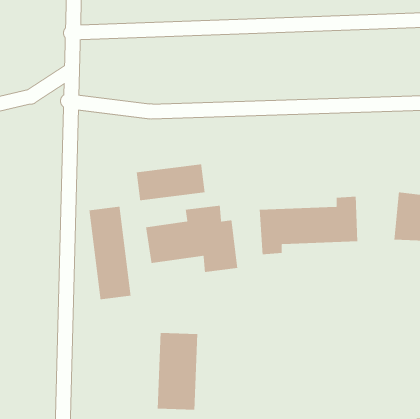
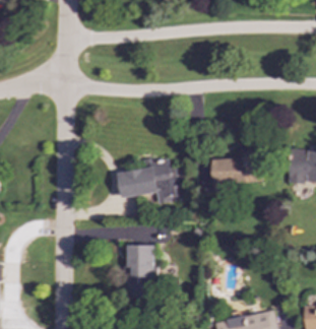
building: [136,163,206,201] -> none
building: [89,206,132,300] -> none

